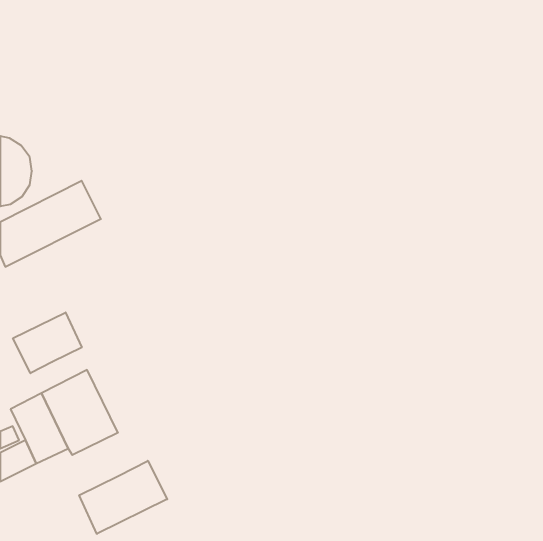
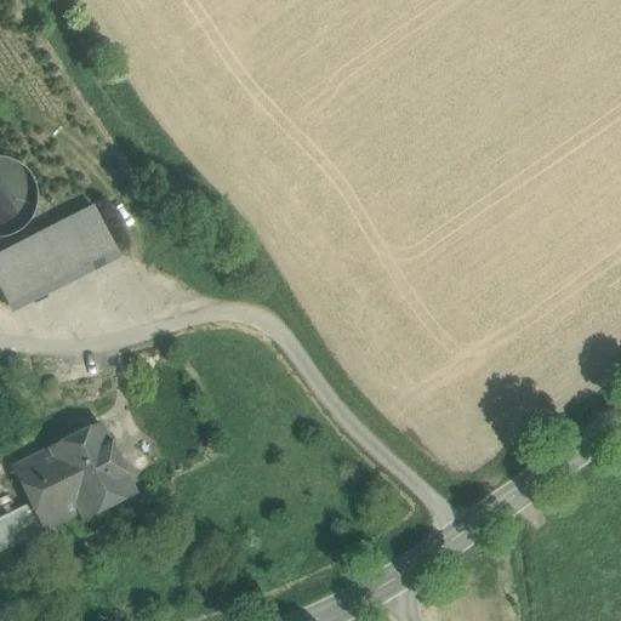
building: [13,312,82,373] -> none
building: [79,461,167,534] -> none

